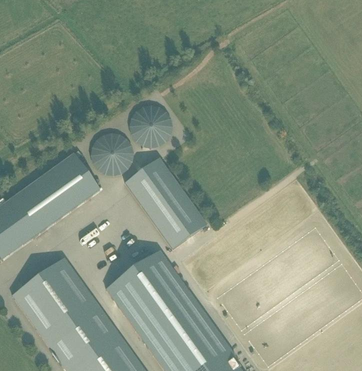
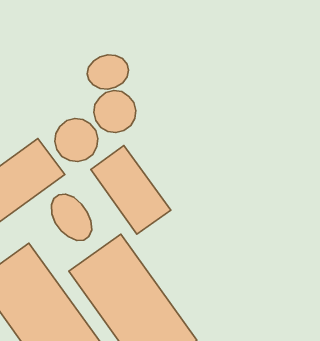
building: none -> [87,55,129,89]
building: none -> [51,194,92,241]

